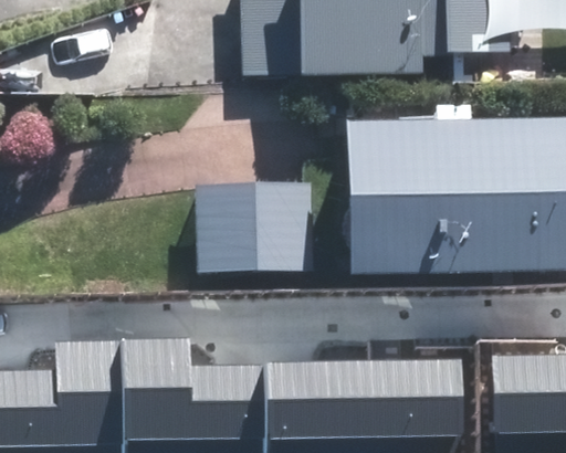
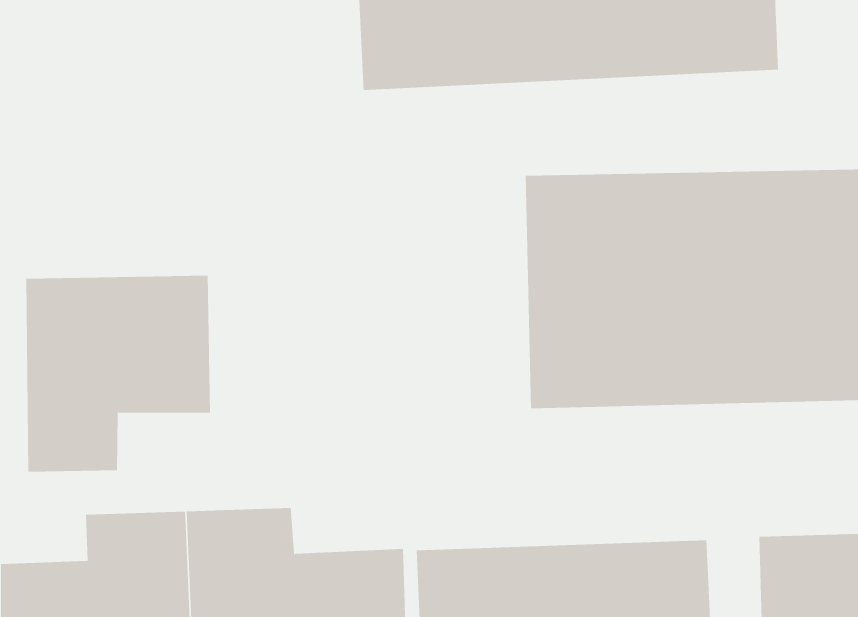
building: [189,178,313,268] -> none
building: none -> [26,275,211,472]

